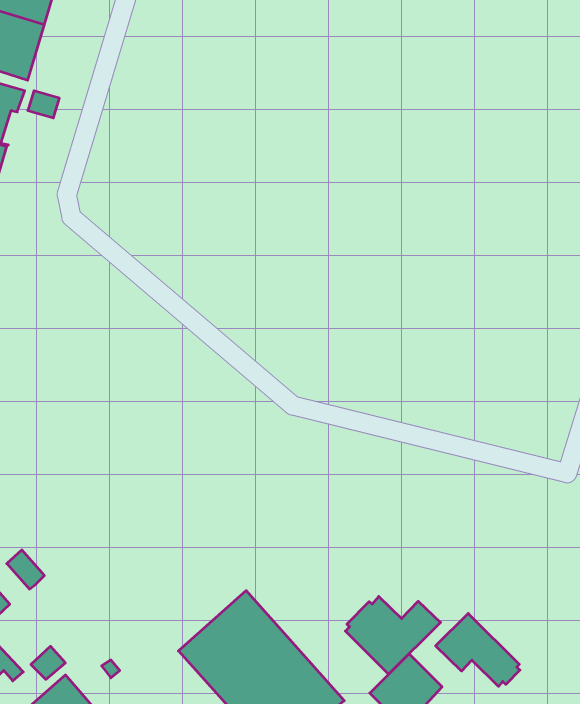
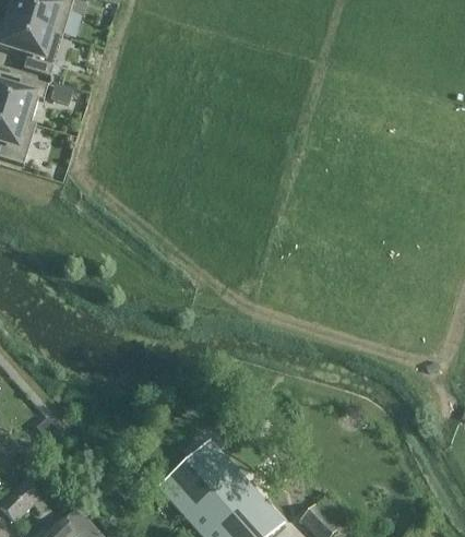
building: [345,596,441,674] -> none
building: [436,613,520,686] -> none

